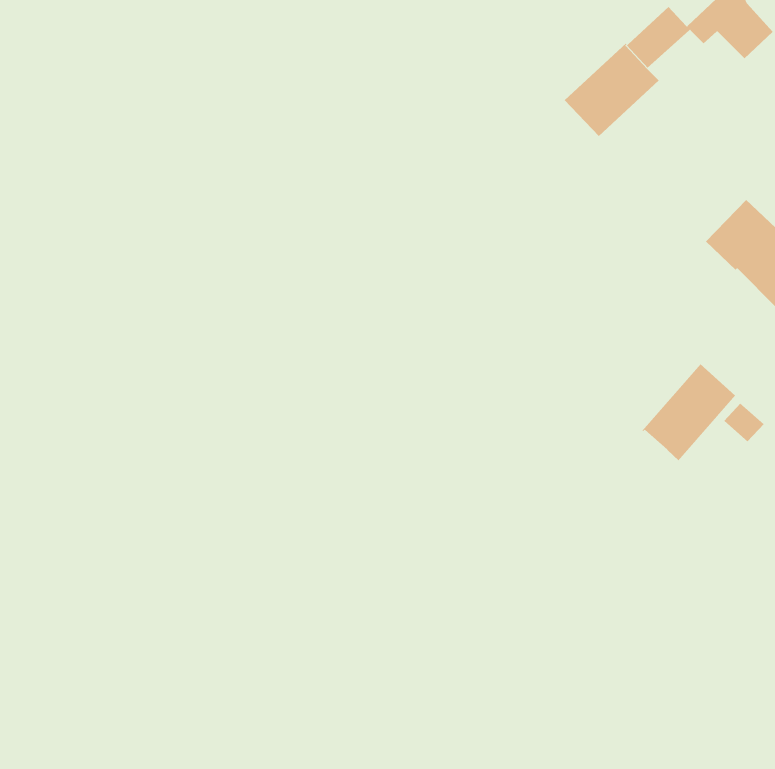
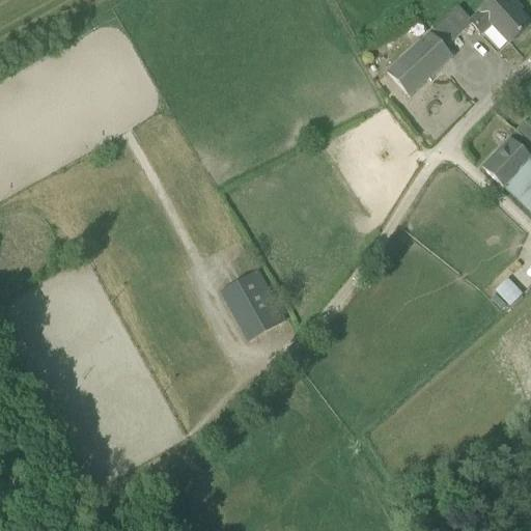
building: [642,363,736,461] -> none
building: none -> [220,269,284,338]

